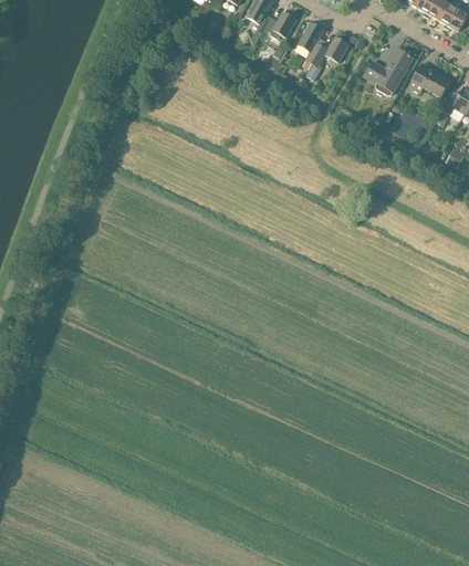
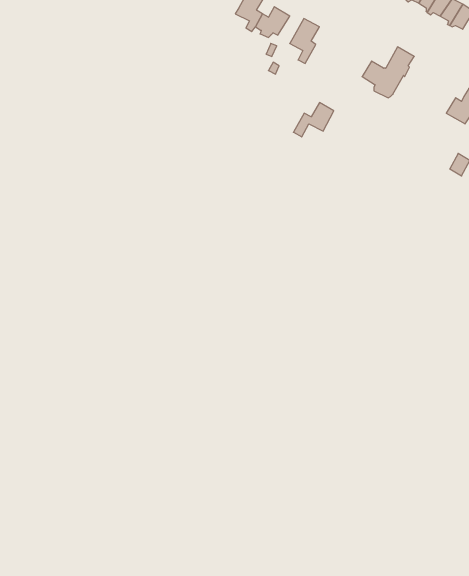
building: [312,34,350,66] -> [293,103,334,137]
building: [409,61,450,96] -> none

